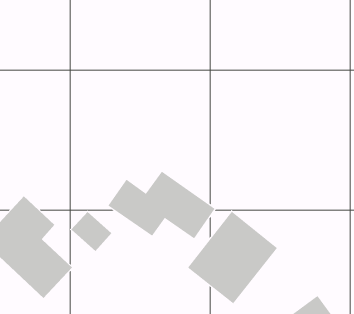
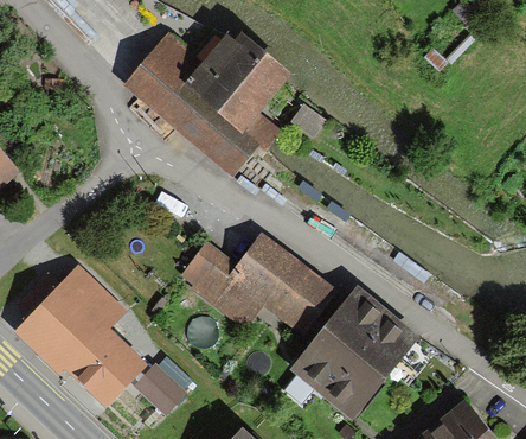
building: none -> [132,34,284,171]
building: [71,211,112,252] -> [130,352,186,407]

